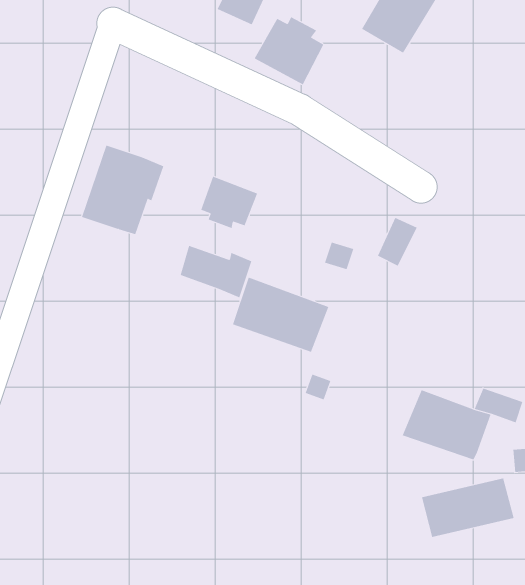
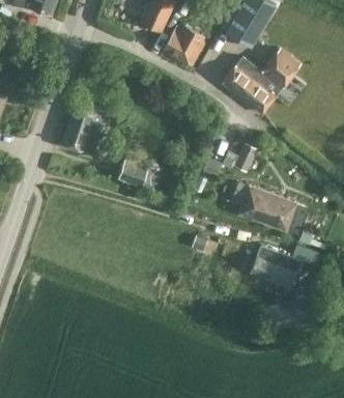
building: none -> [222,45,300,114]
building: [201,176,258,229] -> none
building: [232,277,329,353] -> [238,186,295,230]

